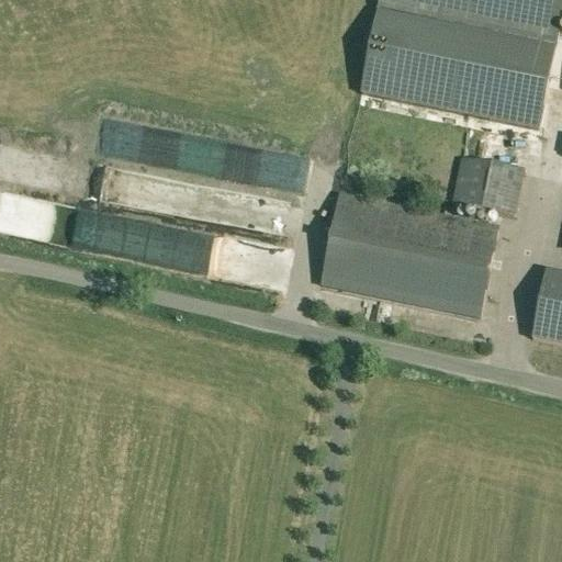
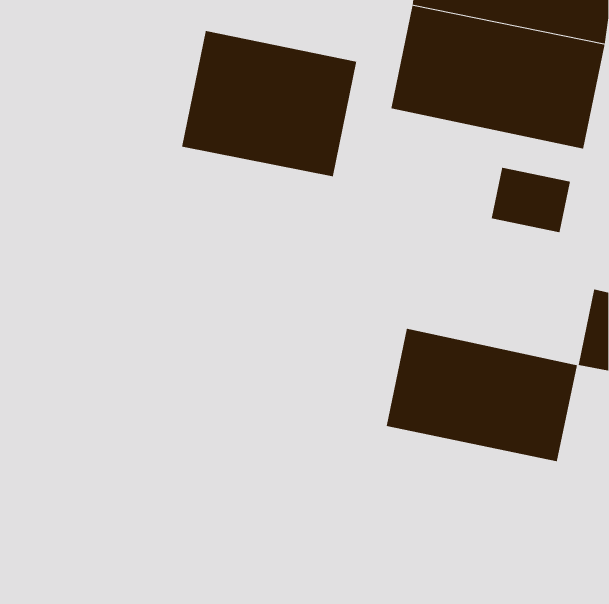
building: none -> [181,30,357,177]
building: [321,191,497,314] -> [386,328,578,462]

